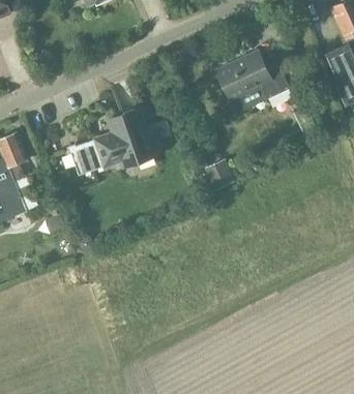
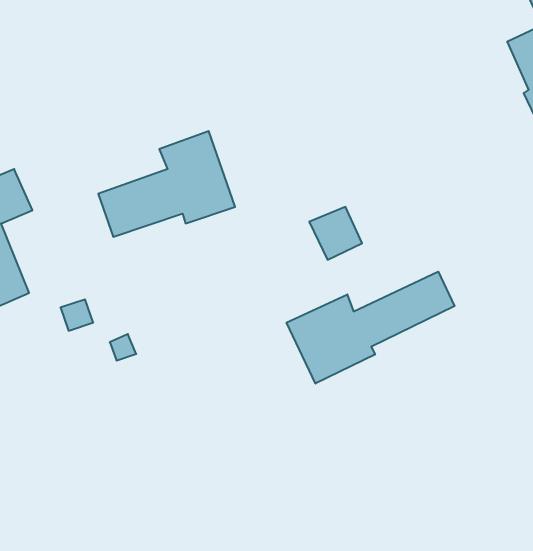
building: [217,50,290,113] -> none
building: none -> [287,272,455,384]

